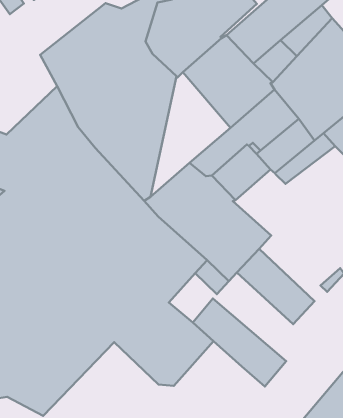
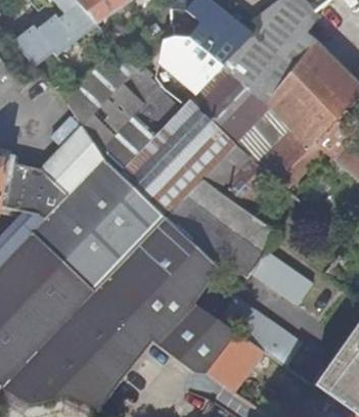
building: none -> [171,100,234,211]
building: none -> [207,330,264,390]

